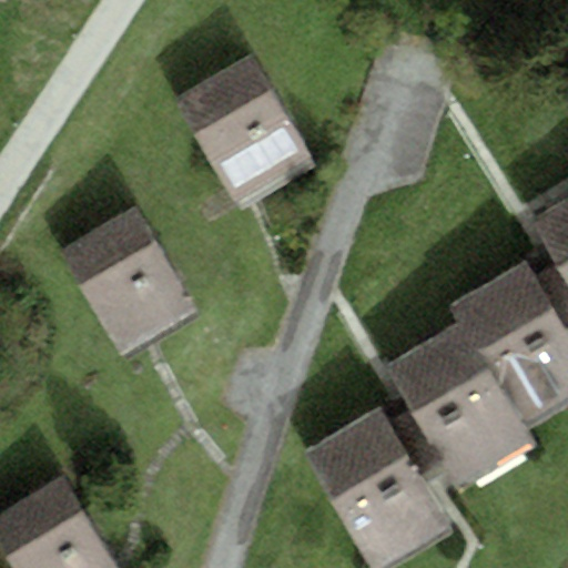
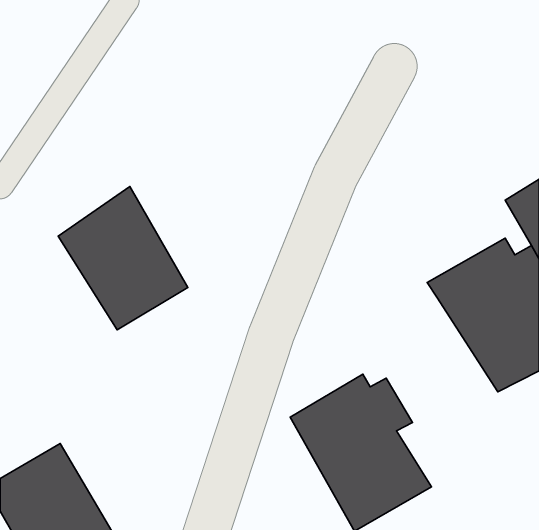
building: [175,57,315,207] -> none
building: [383,322,536,493] -> none

